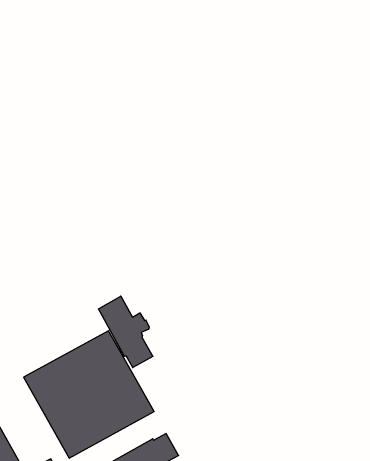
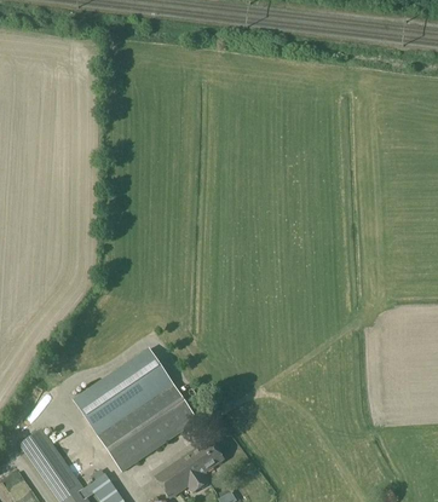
building: [98,296,153,368] -> none

